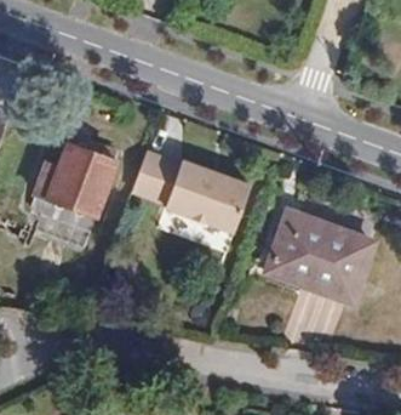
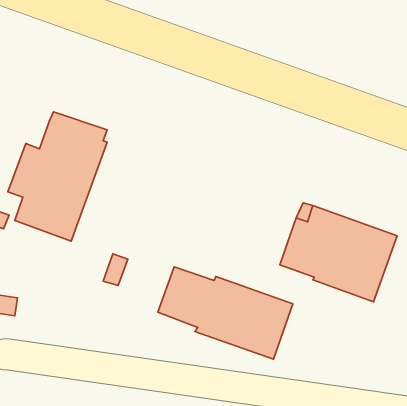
building: [131,152,250,233] -> [158,267,293,359]

